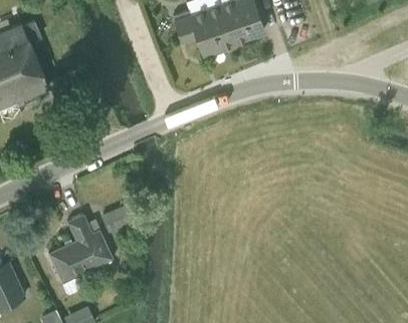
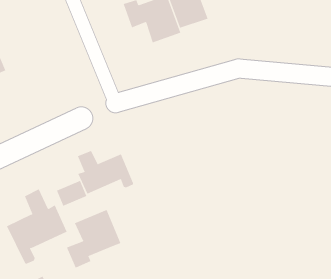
building: none -> [77,150,134,195]
building: none -> [66,209,121,268]

